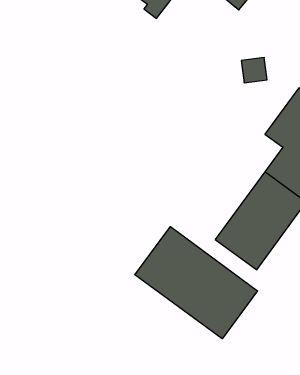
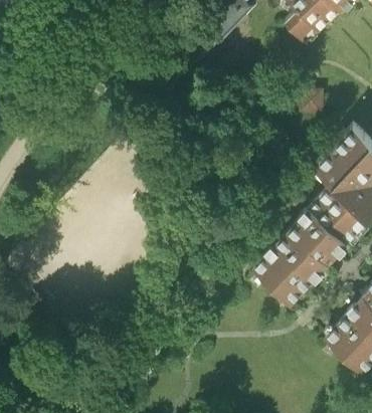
building: [135,227,258,339] -> none

